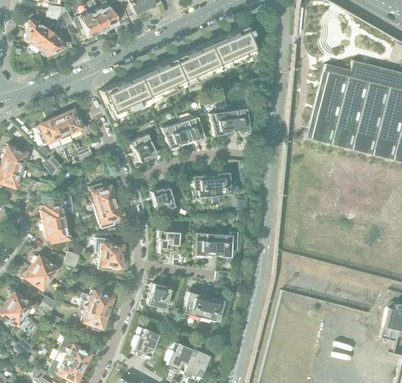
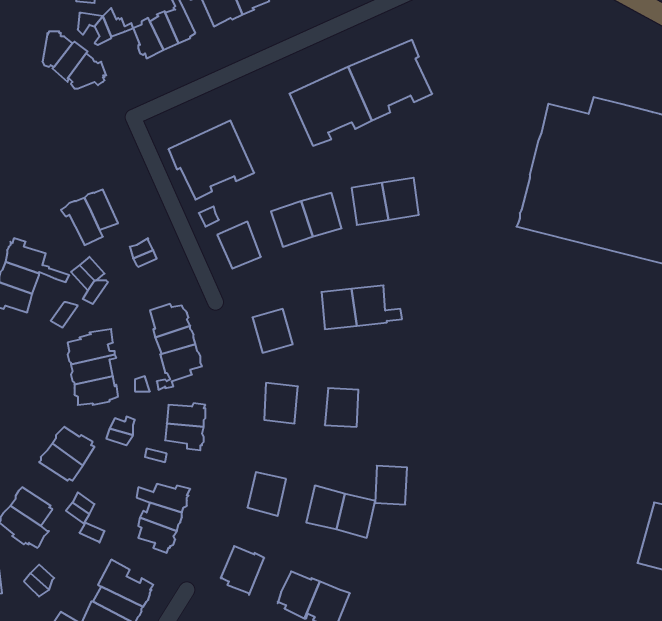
building: [138,58,187,105] -> none
building: [62,109,87,135] -> none
building: [213,234,232,257] -> [375,466,407,504]

